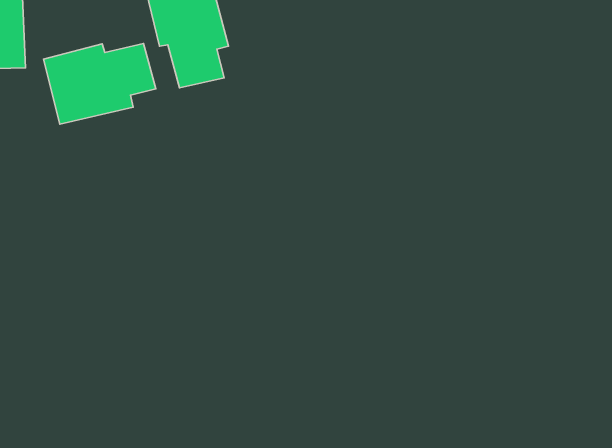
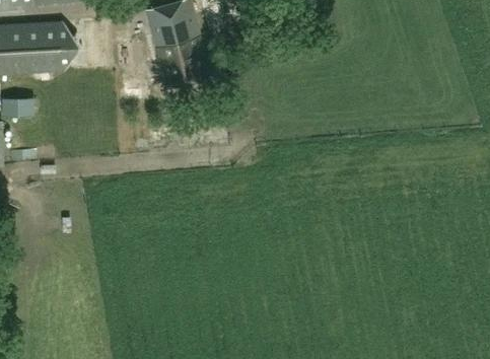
building: [44,44,156,124] -> none

